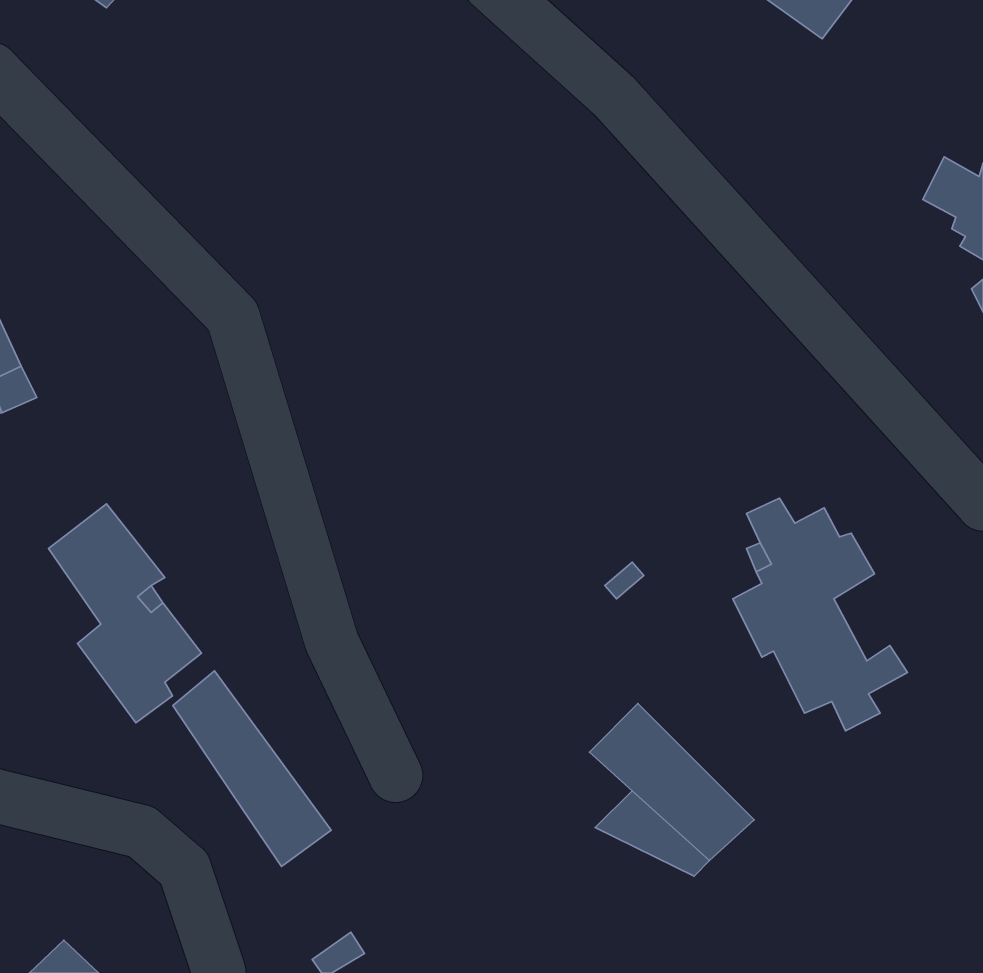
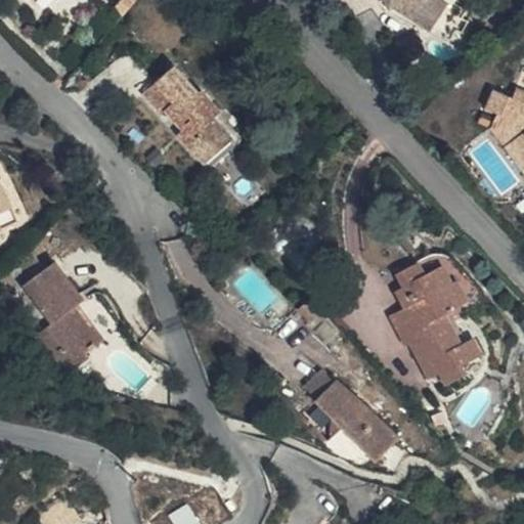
building: none -> [144,67,243,163]
building: [173,671,331,866] -> none

